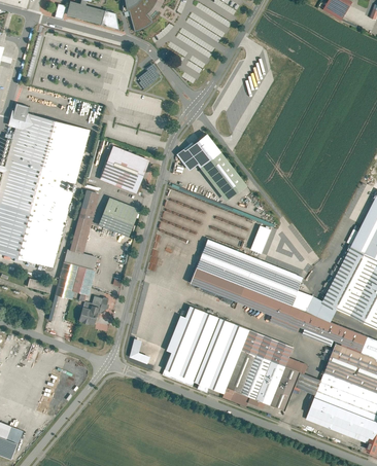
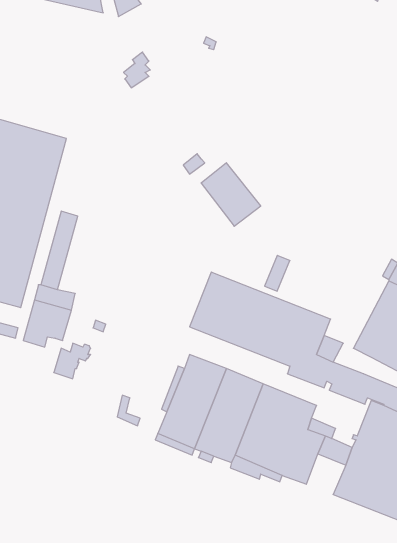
building: [100,146,148,194] -> none
building: [101,200,136,234] -> none
building: [306,296,337,321] -> none

